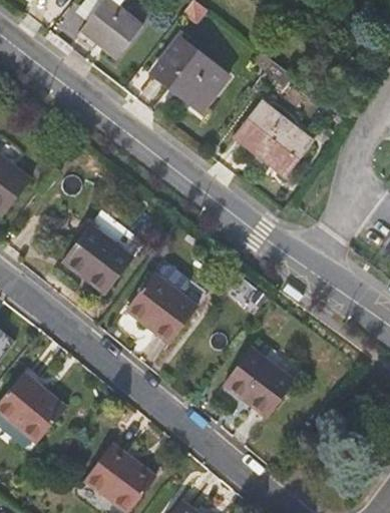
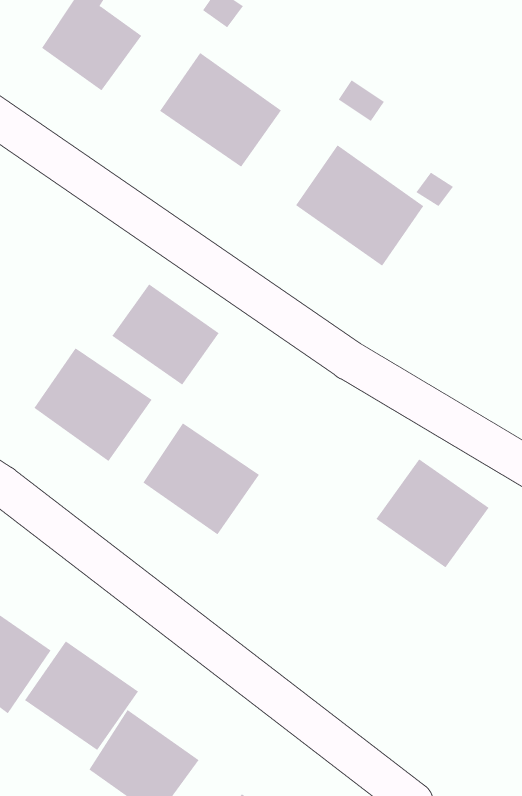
building: none -> [112,283,220,386]
building: [223,344,294,413] -> [375,458,489,568]
building: none -> [24,641,139,751]

